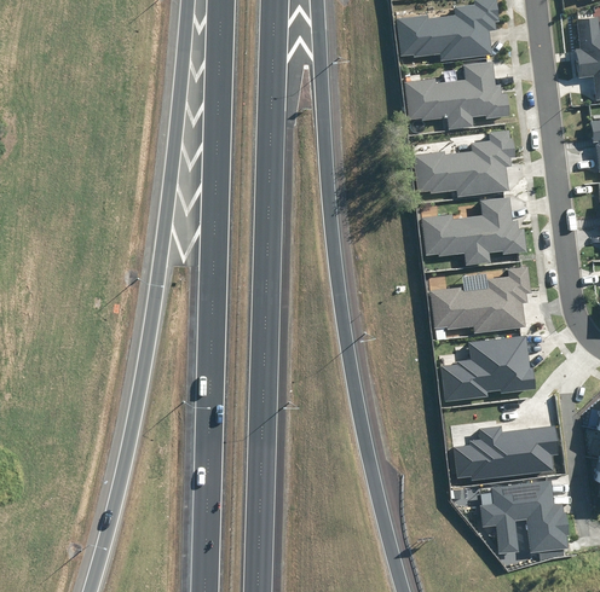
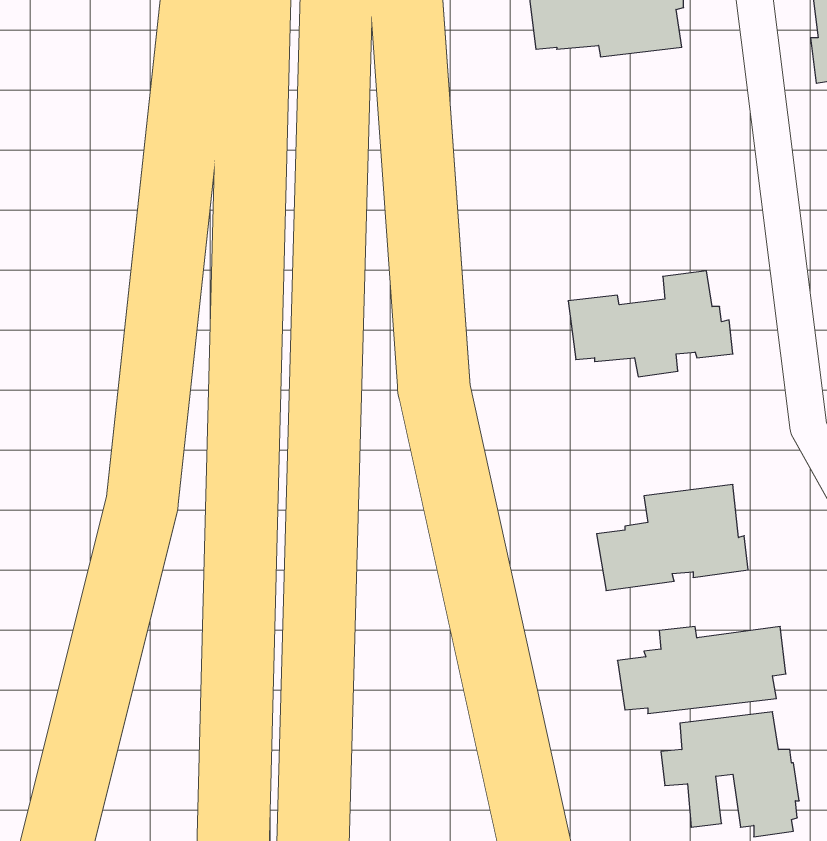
building: [403,62,508,130] -> none
building: [411,130,514,197] -> none
building: [428,267,531,335] -> none

